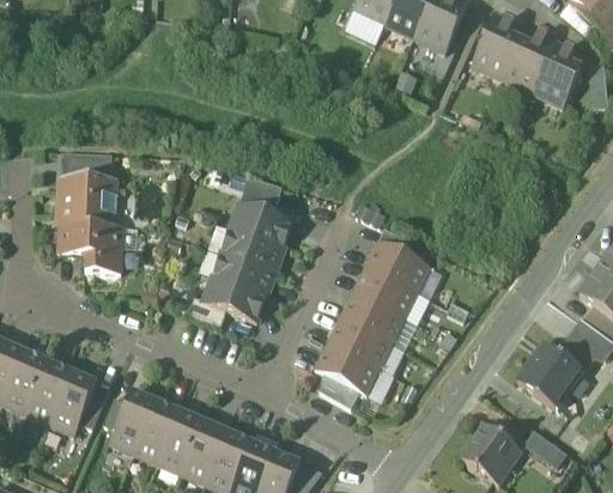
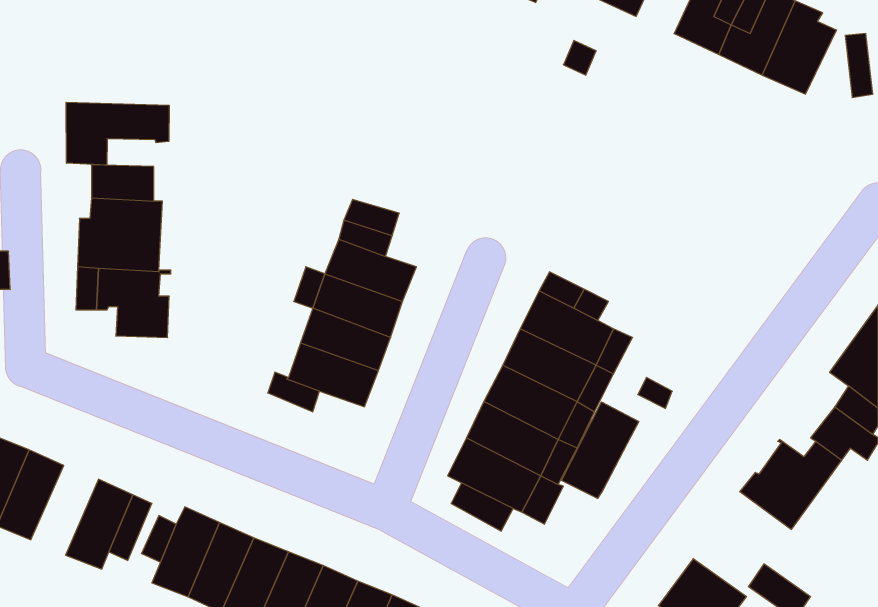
building: none -> [66,102,169,165]
building: none -> [561,402,639,498]
building: [25,363,72,425] -> none

